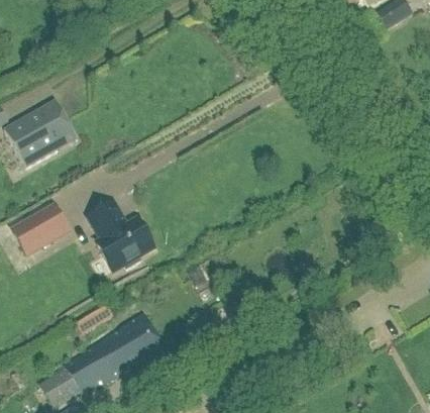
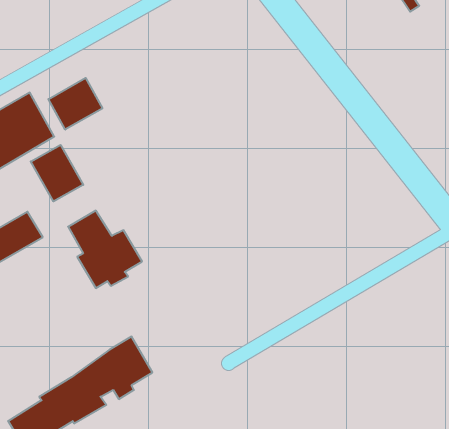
building: none -> [48,78,102,130]
building: none -> [31,145,83,201]

